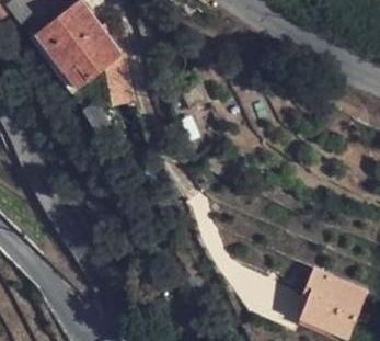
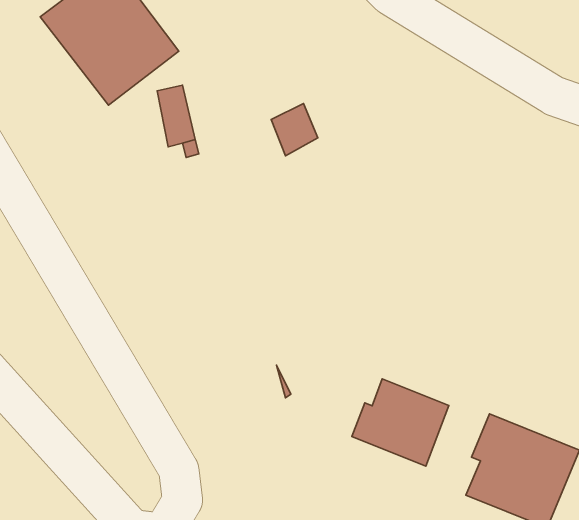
building: none -> [352,379,449,466]

